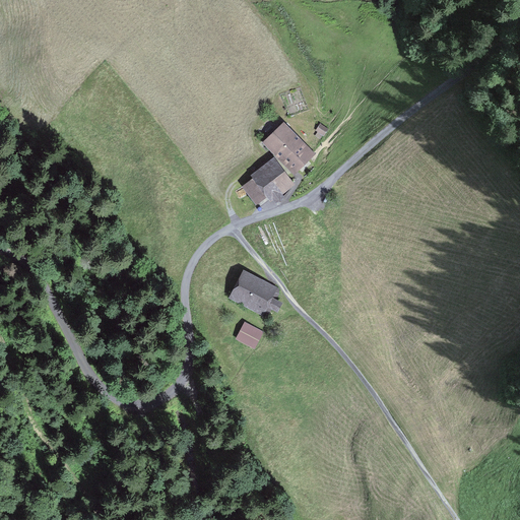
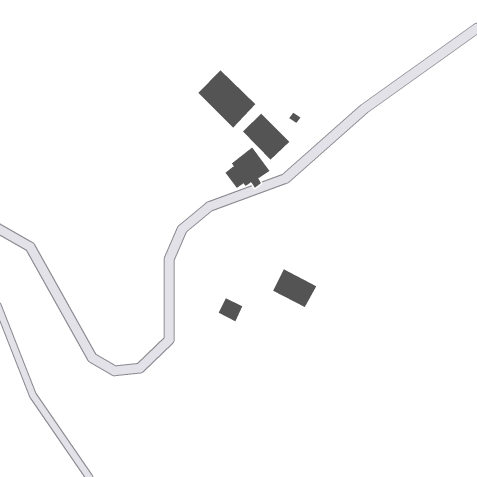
building: none -> [197,70,256,128]
building: [228,271,276,314] -> [272,268,317,308]

